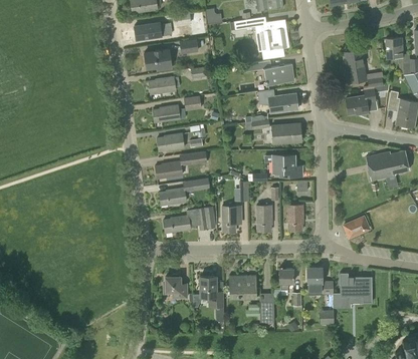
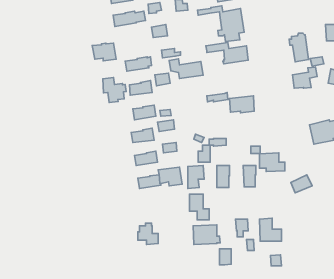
building: [145,49,173,70] -> [92,43,116,61]
building: [258,89,298,112] -> [169,59,203,78]
building: none -> [103,78,126,102]
building: [272,154,302,176] -> [259,153,285,172]
building: [334,273,373,307] -> none
building: [201,276,224,306] -> [190,194,209,220]

